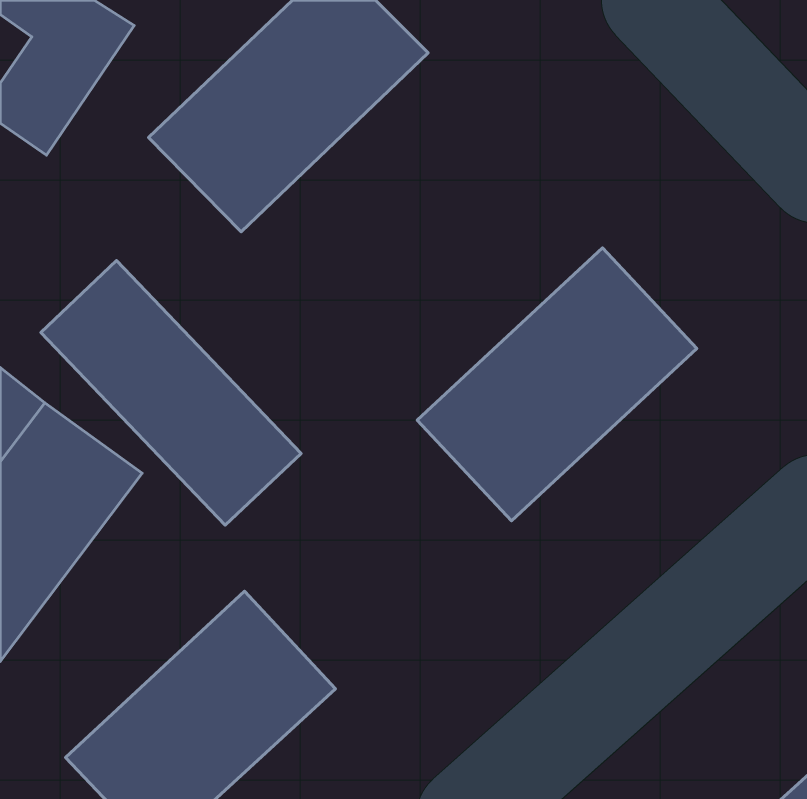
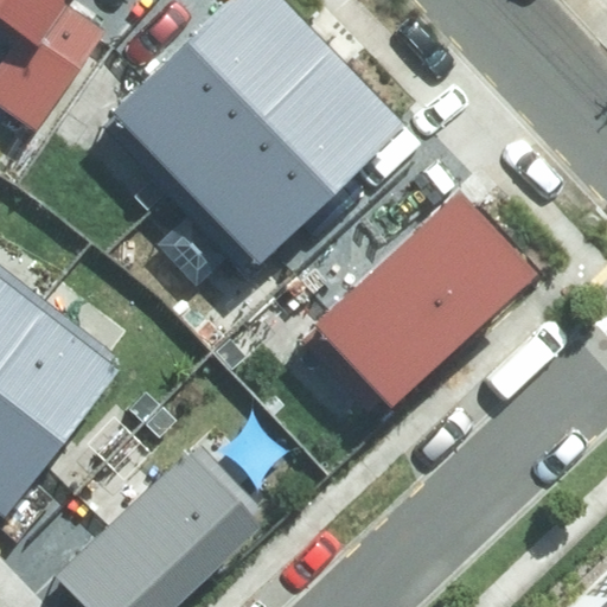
building: none -> [186,52,391,255]
building: [41,261,301,525] -> none

